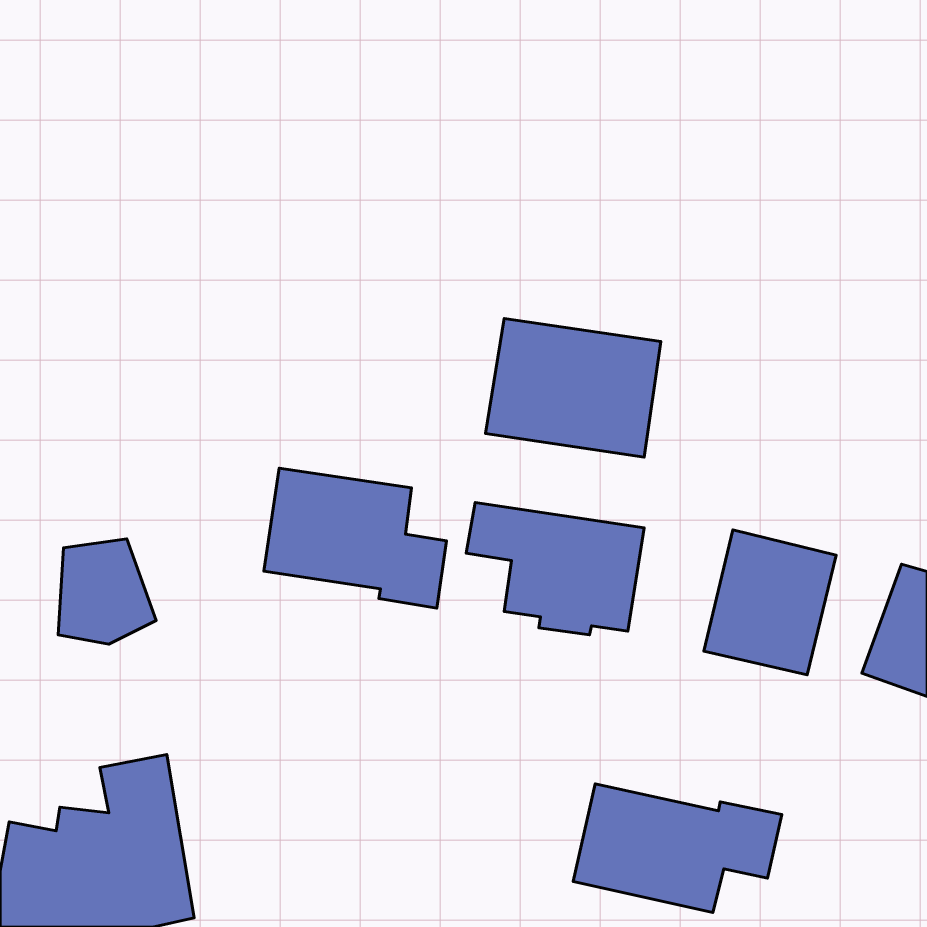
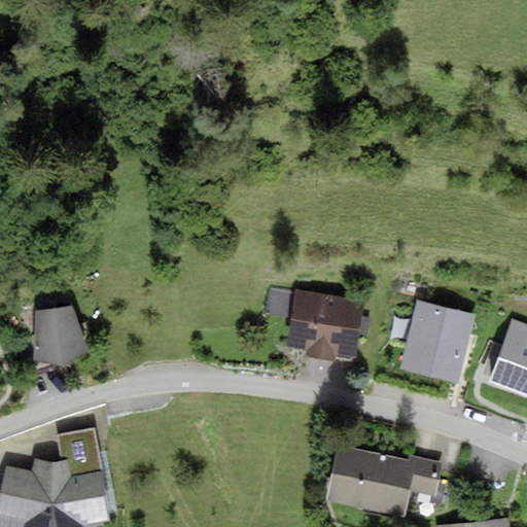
building: [485,318,661,457] -> none
building: [264,468,447,608] -> none

